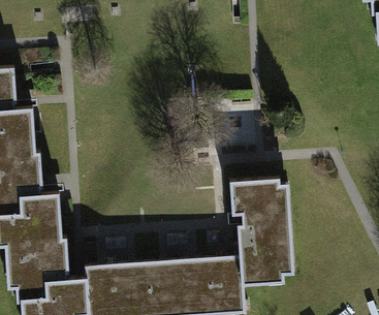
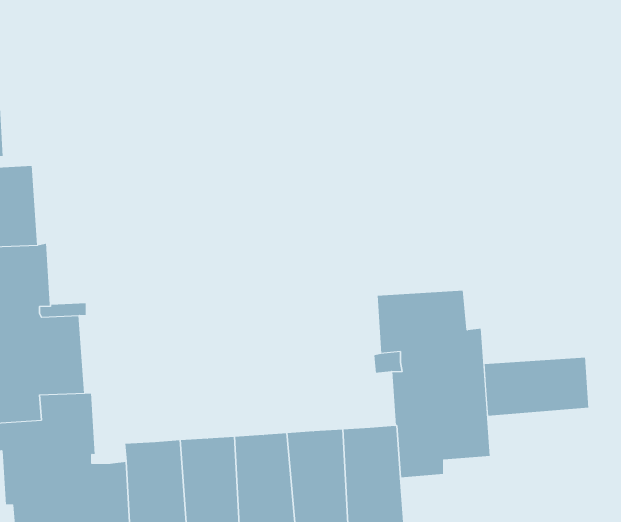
building: none -> [484,357,589,417]

